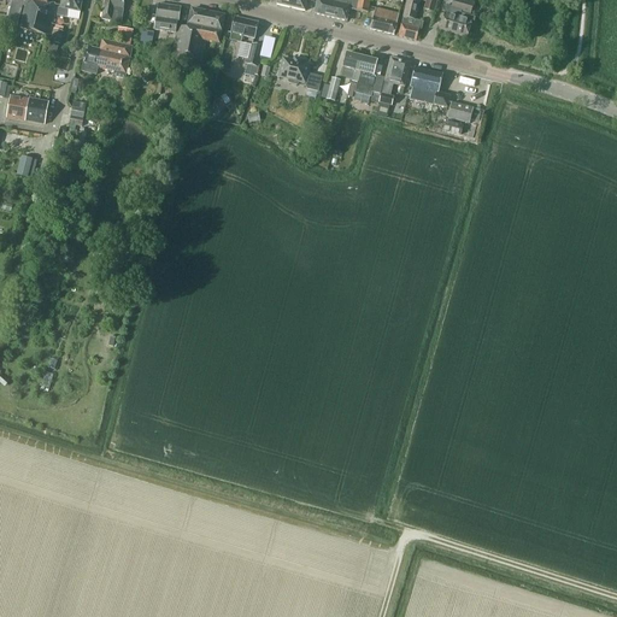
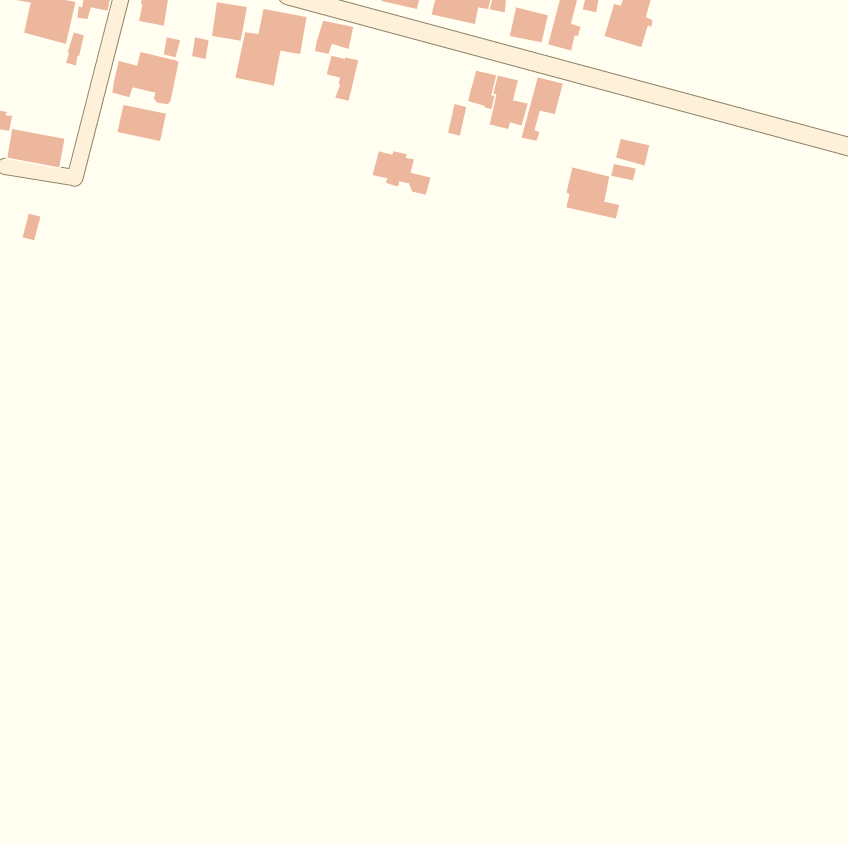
building: [277,55,321,88] -> [372,150,431,195]
building: [409,65,448,104] -> [565,166,620,220]
building: none -> [116,104,167,142]

